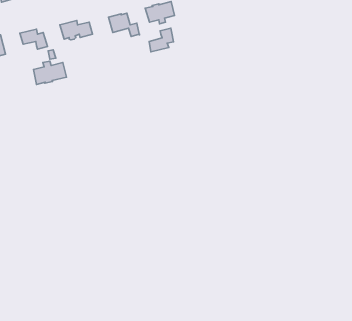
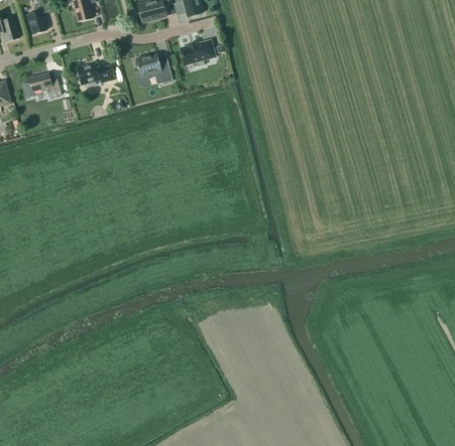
building: [149,28,173,52] -> none
building: [33,61,67,85] -> none

